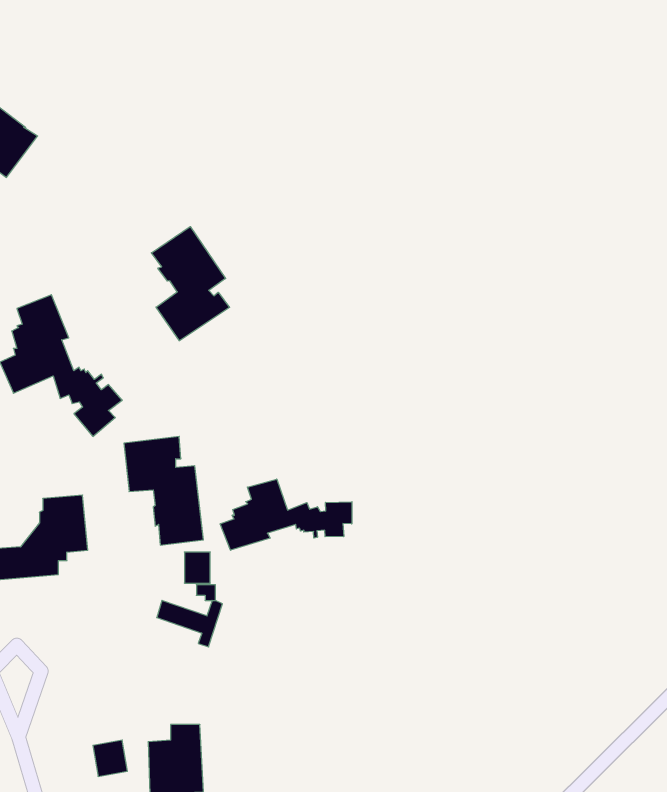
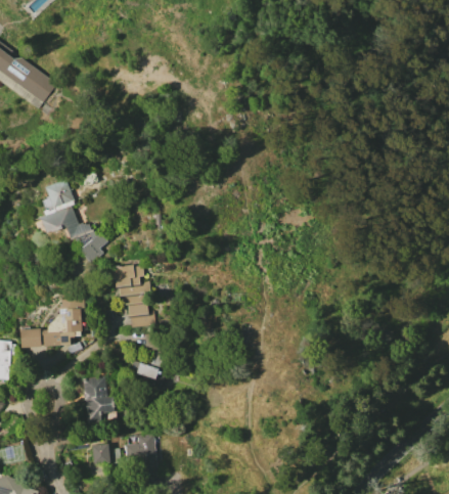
building: [151,227,230,341] -> none
building: [220,479,352,550] -> none
building: none -> [81,375,116,424]

